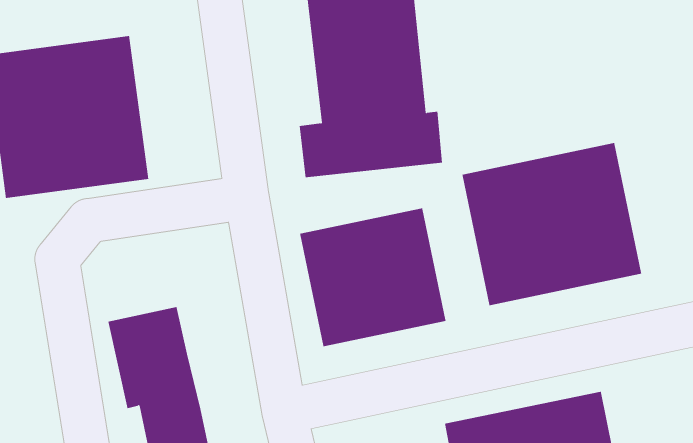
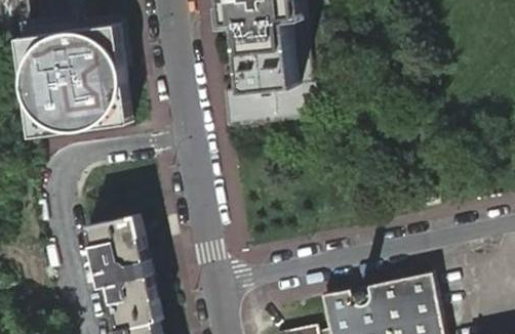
building: [462,142,642,306] -> none
building: [299,208,446,347] -> none

